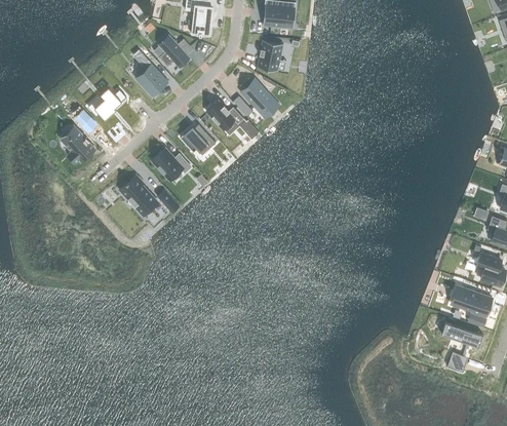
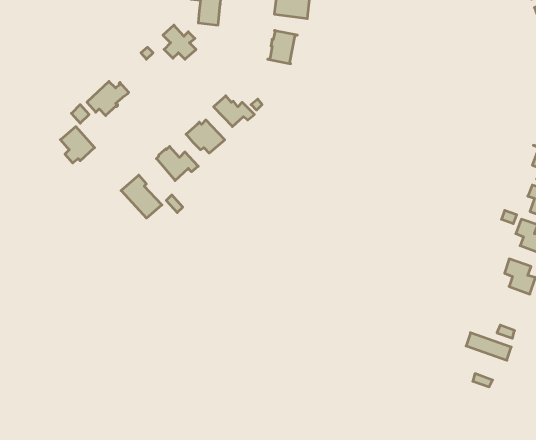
building: [134,64,168,96] -> none
building: [240,79,275,114] -> none
building: [455,287,492,315] -> none

